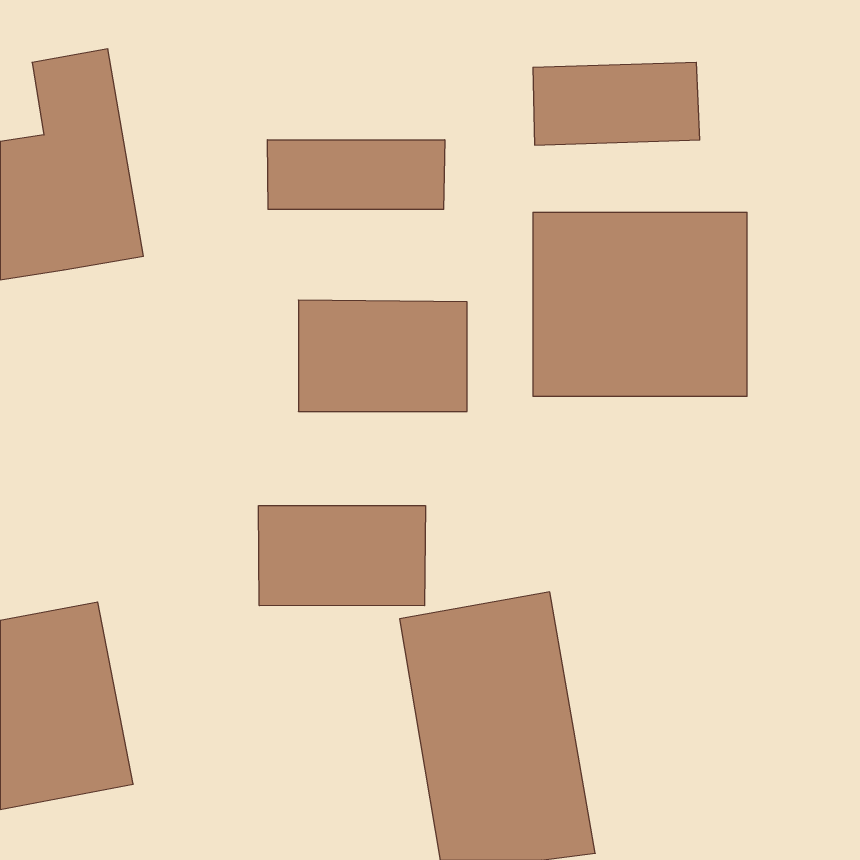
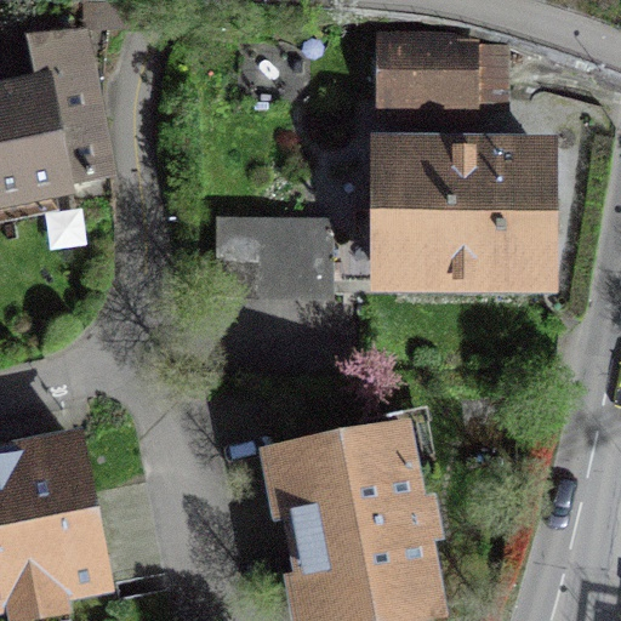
building: [267,140,445,209] -> none
building: [259,506,425,606] -> none

